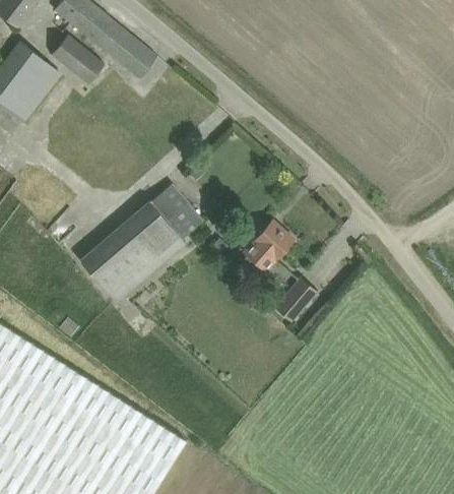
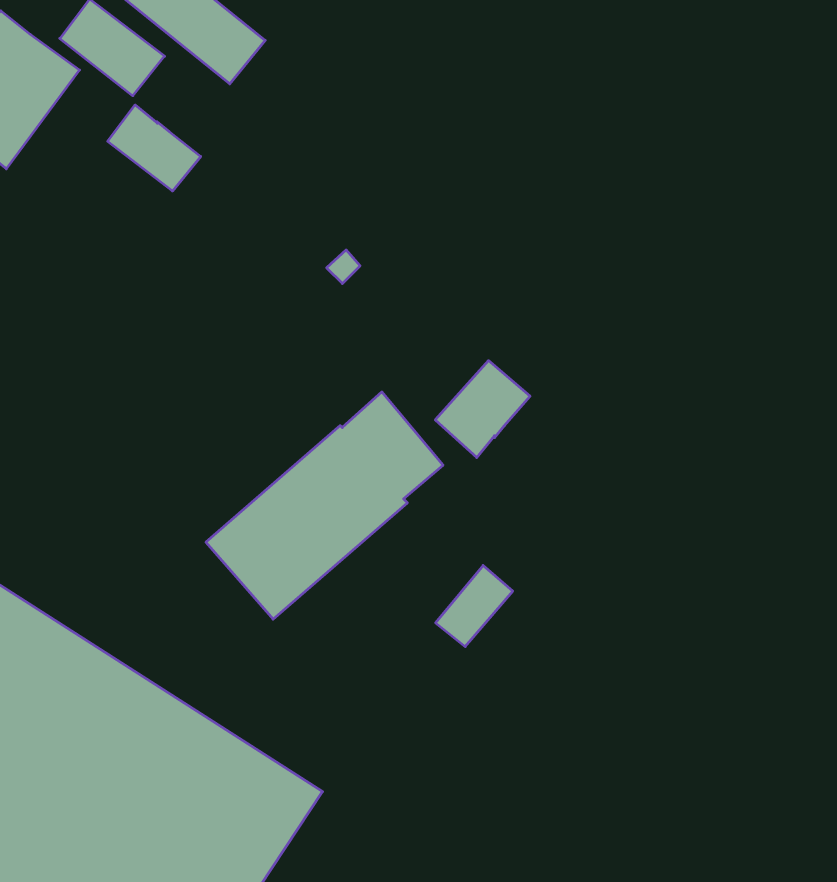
building: none -> [108,105,201,191]
building: [80,184,202,301] -> [206,392,443,619]
building: [275,279,315,320] -> [436,565,513,647]

